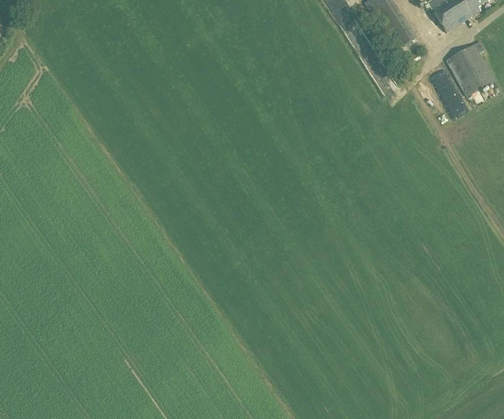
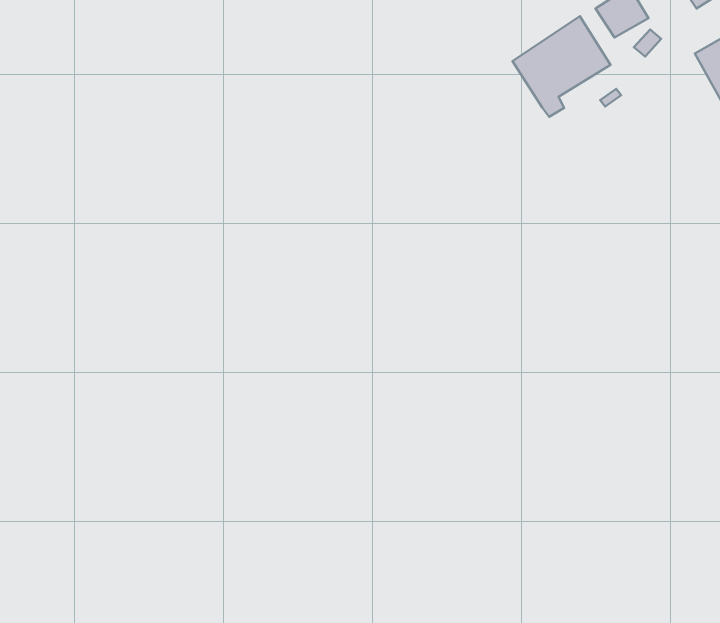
building: none -> [512,16,611,117]

